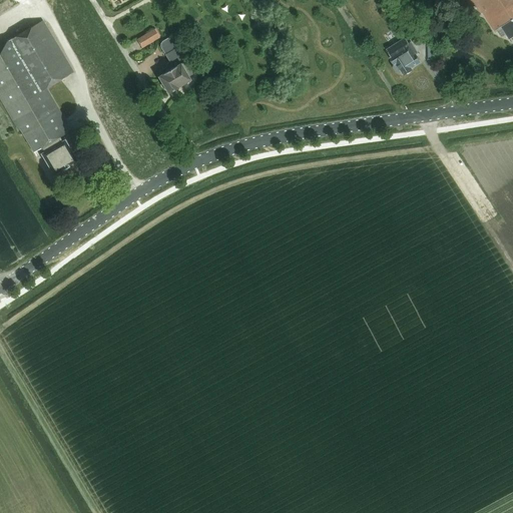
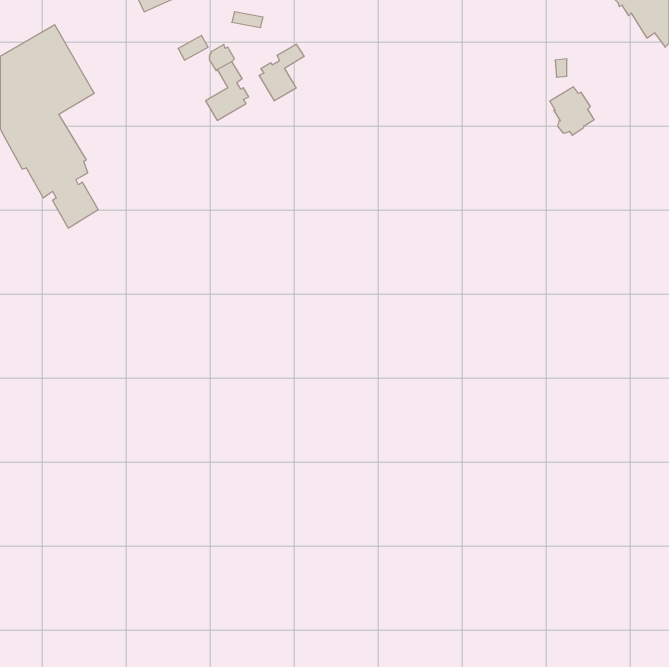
building: none -> [259,44,304,101]
building: [386,37,420,74] -> [550,87,594,135]

